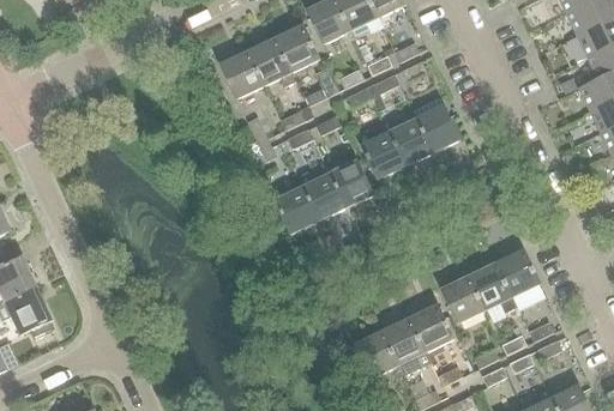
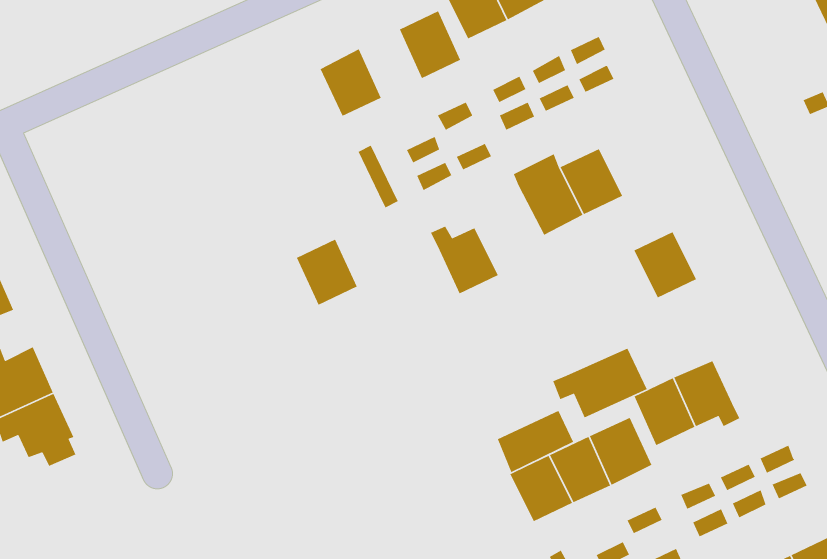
building: [251,34,295,85] -> none
building: [417,103,462,150] -> [633,231,697,298]
building: [331,157,375,205] -> none
building: [277,185,320,231] -> [296,239,358,306]
building: [496,250,541,297] -> none
building: none -> [552,348,648,419]
building: none -> [497,410,574,473]

